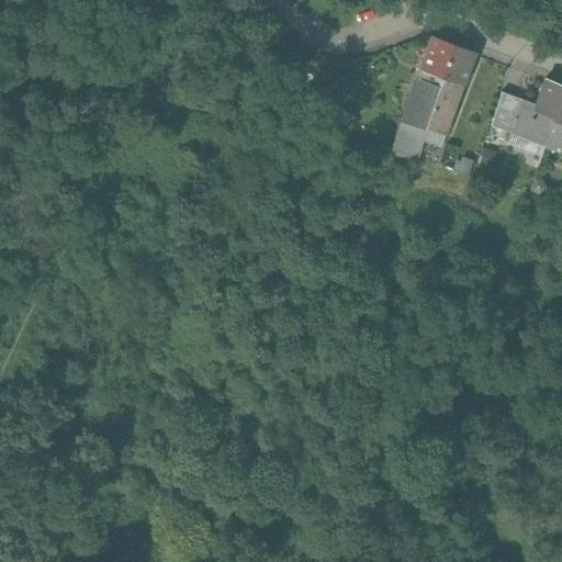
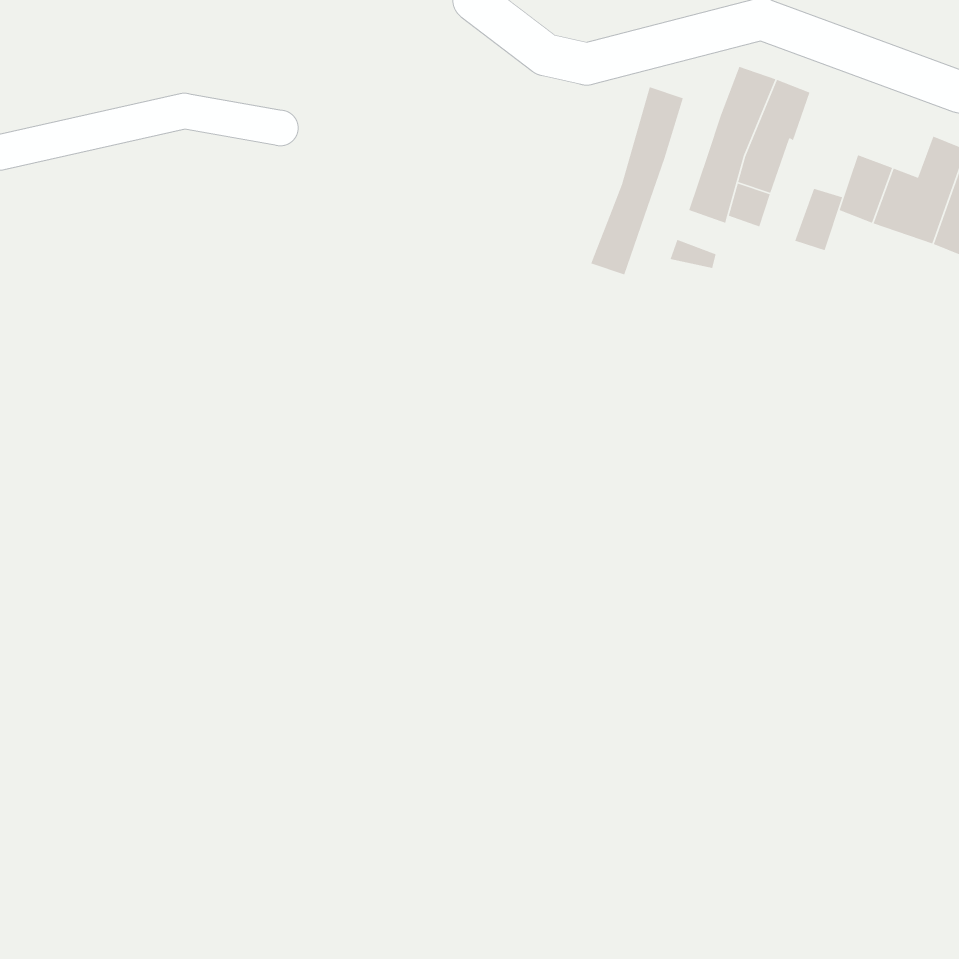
building: none -> [590,86,684,275]
building: none -> [794,188,843,251]

